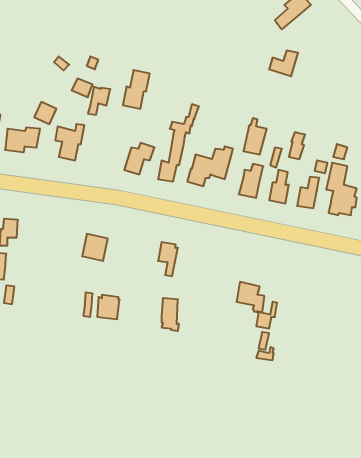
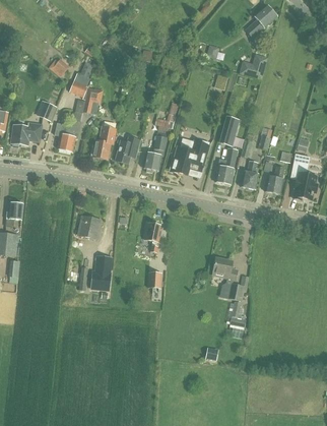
building: [123,70,150,109] -> [91,125,115,159]

